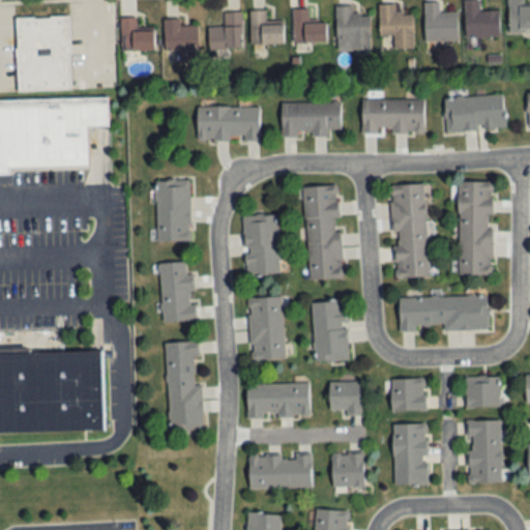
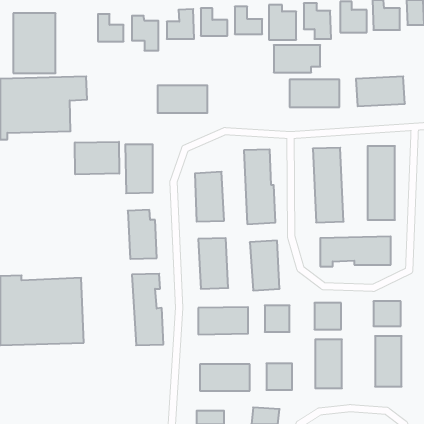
building: [282,102,340,137] -> [274,45,320,72]
building: none -> [75,142,119,174]

